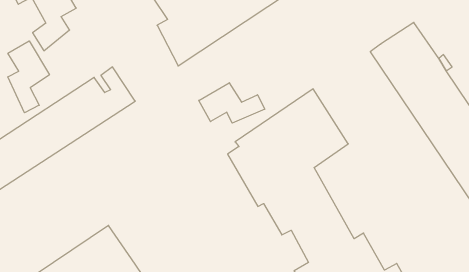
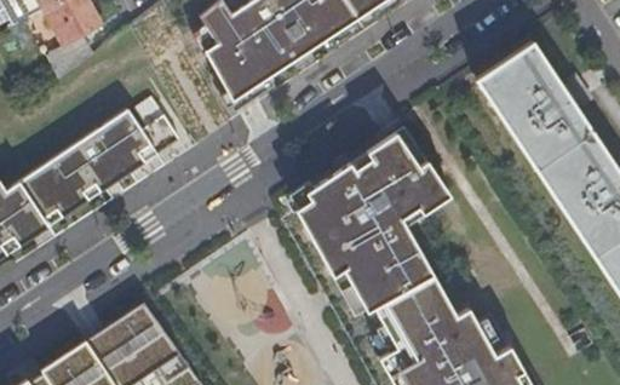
building: [8,41,49,113] -> none
building: [199,83,265,123] -> none

